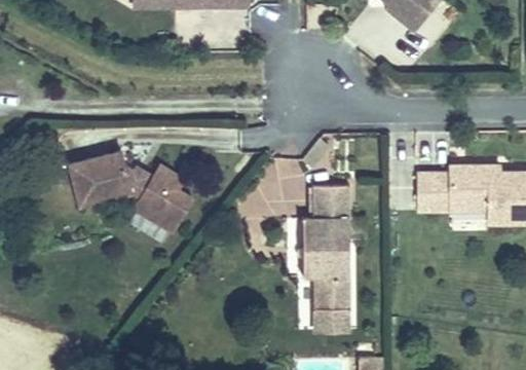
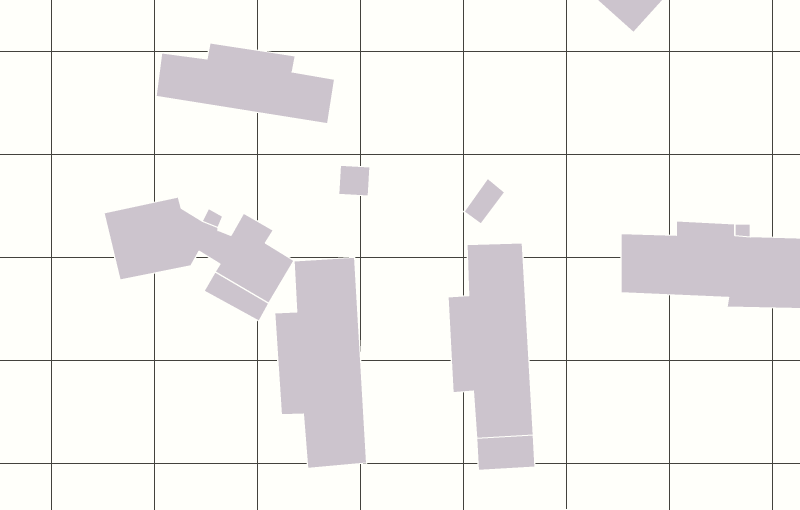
building: none -> [156,43,335,124]
building: none -> [275,257,367,468]

